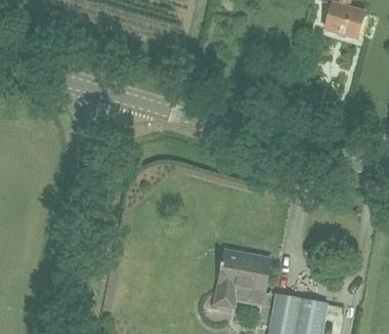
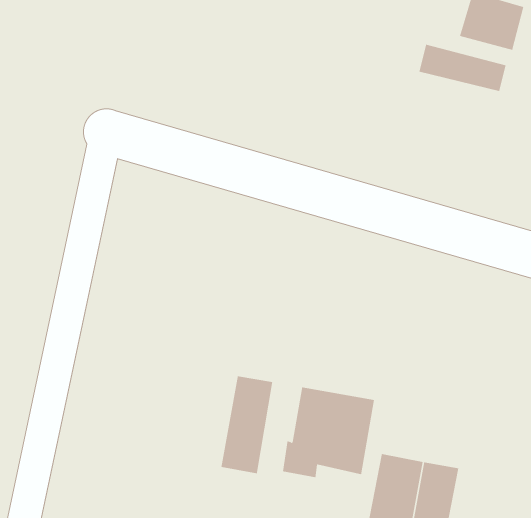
building: none -> [419,44,506,92]
building: none -> [221,376,273,474]

